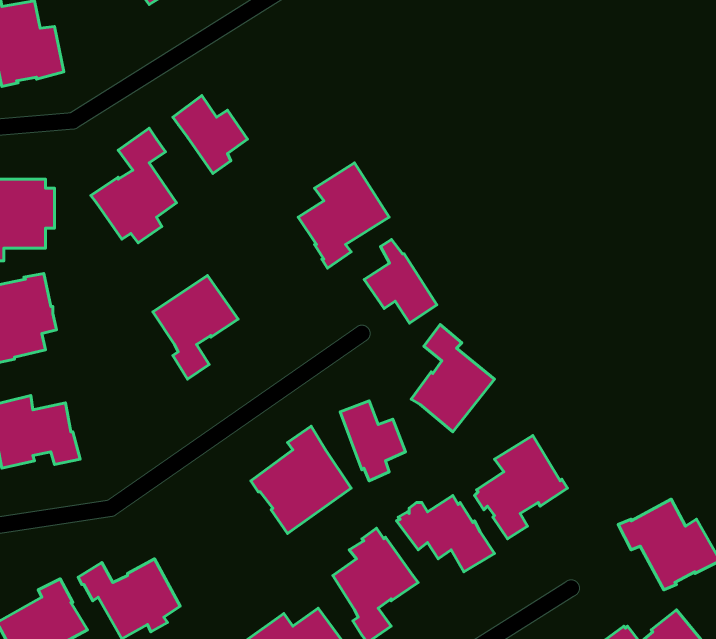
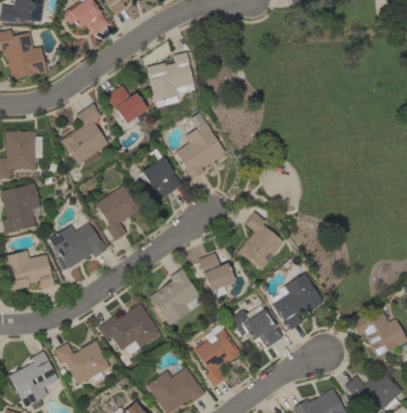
building: none -> [146,52,193,108]
building: [364,239,437,323] -> [141,149,181,195]
building: none -> [49,223,108,271]
building: none -> [97,304,161,355]

